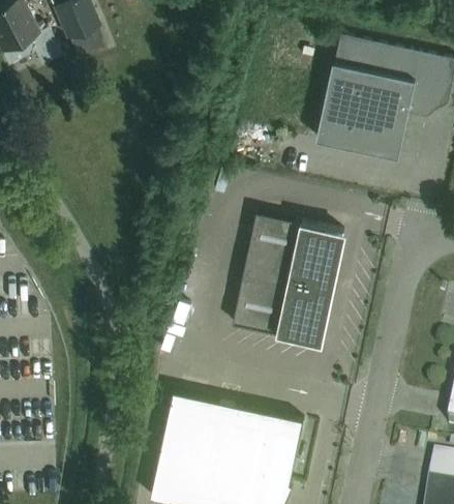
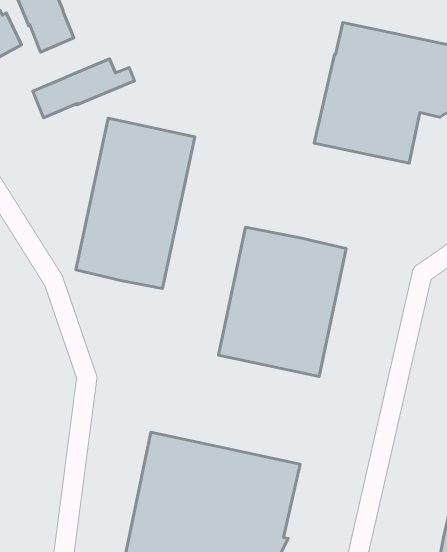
building: none -> [33,59,134,118]
building: none -> [76,118,195,288]

